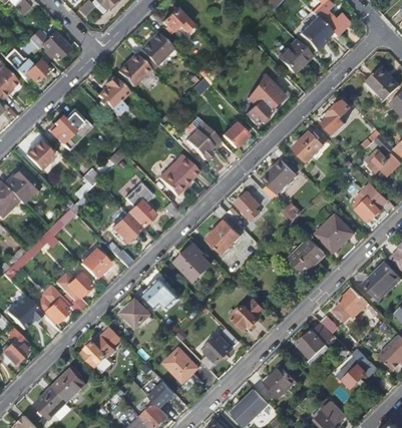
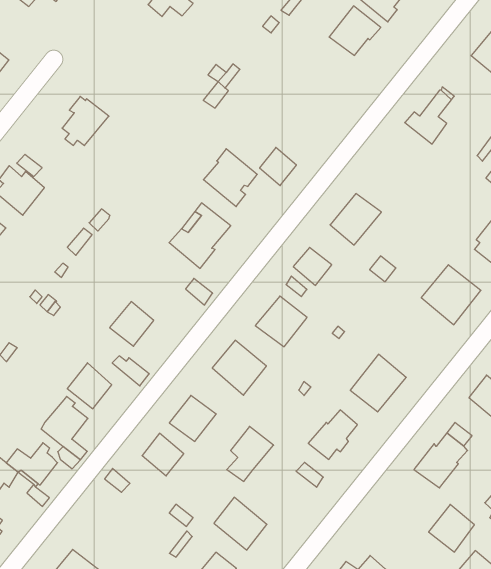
building: [139,32,172,65] -> none
building: [116,53,149,86] -> none
building: [245,73,288,125] -> none
building: [295,131,325,161] -> none
building: [128,194,154,227] -> none
building: [290,238,327,275] -> [350,354,406,412]
building: [200,335,233,370] -> [227,426,274,481]
building: [82,338,114,367] -> none
building: [266,365,296,396] -> [429,504,474,552]

